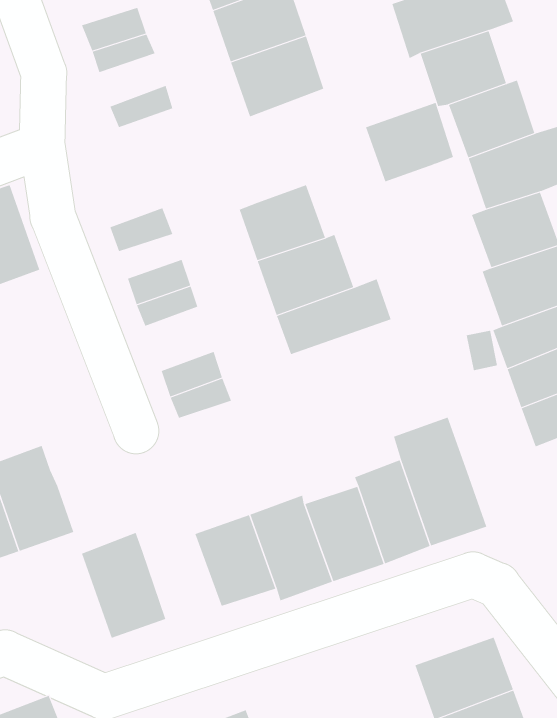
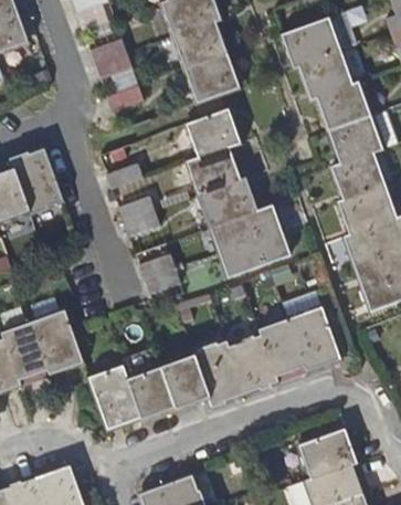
building: [365,102,454,182] -> [186,108,241,158]
building: none -> [219,231,291,278]
building: none -> [127,365,176,422]

